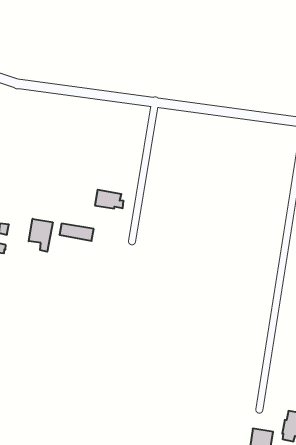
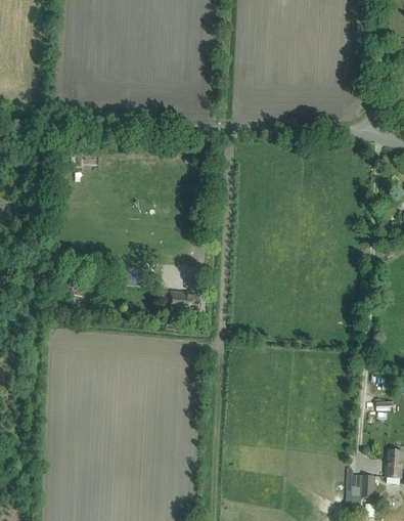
building: [95,190,124,208] -> [169,290,199,308]
building: [29,219,53,252] -> none

